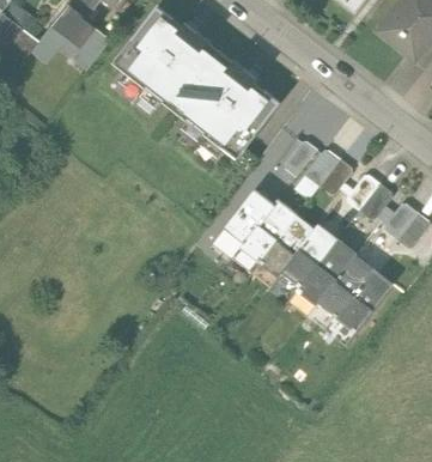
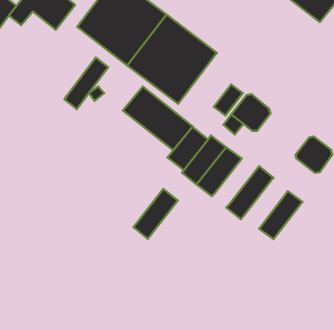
building: none -> [64,57,108,109]
building: none -> [123,87,193,150]
building: [346,175,391,219] -> none
building: [282,225,337,287] -> [133,189,178,239]
building: [318,255,373,317] -> none

